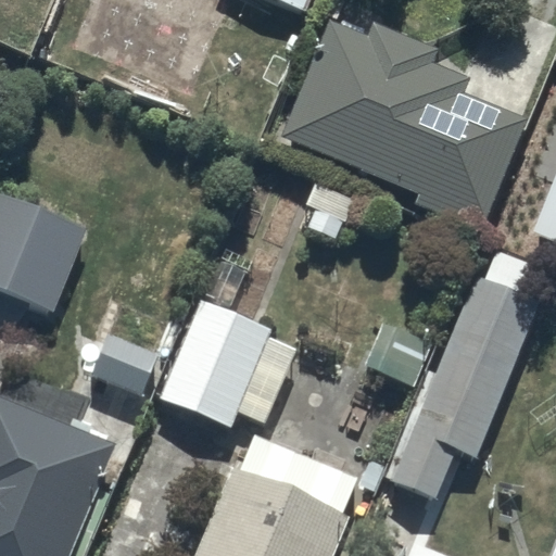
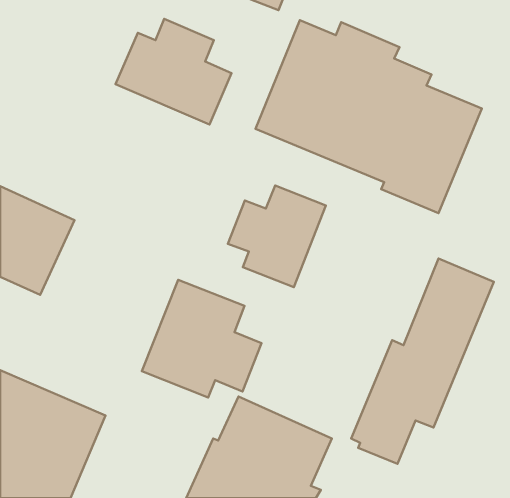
building: none -> [116,19,232,125]
building: none -> [228,185,326,287]

